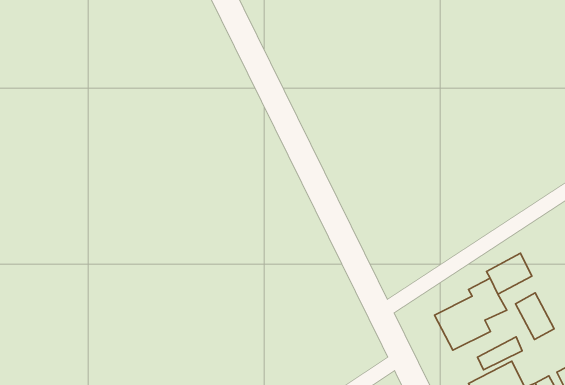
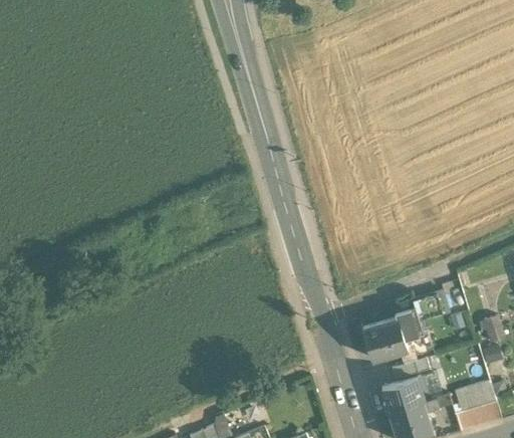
building: [516,293,554,340] -> none

